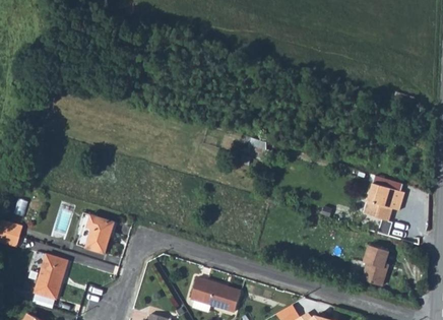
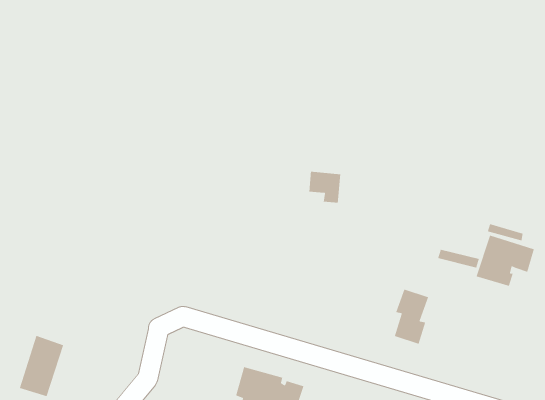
building: [77,213,115,253] -> none
building: [364,245,389,285] -> [394,288,429,345]

